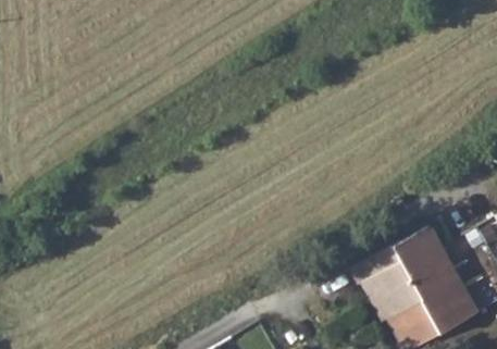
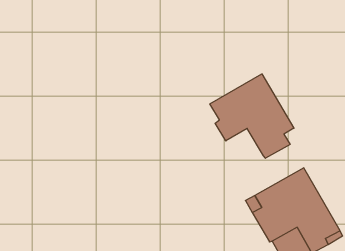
building: none -> [210,74,294,158]

